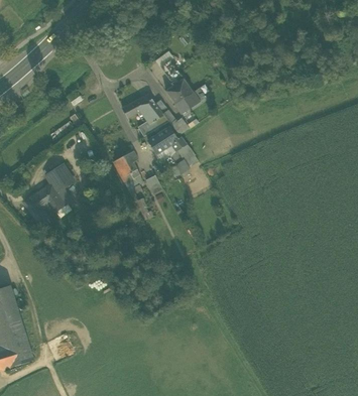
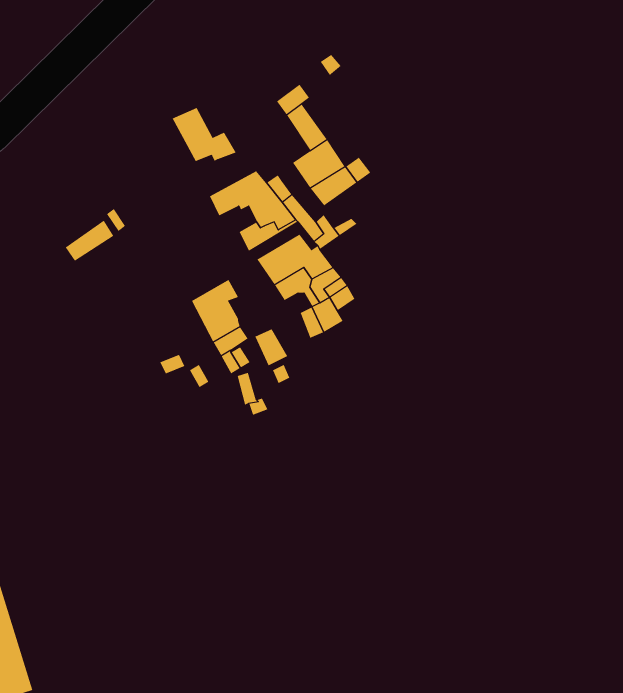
building: none -> [172,107,236,162]
building: [22,164,73,227] -> none

